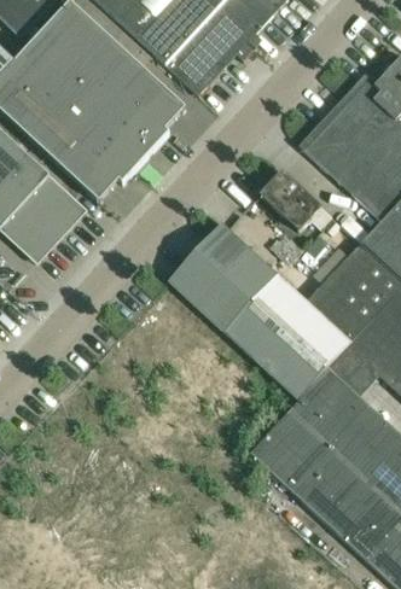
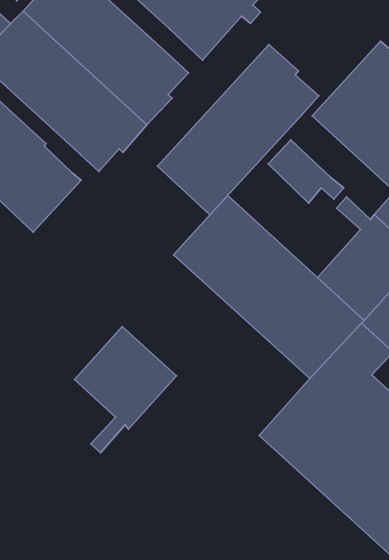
building: none -> [158,44,319,215]
building: none -> [74,326,176,453]

